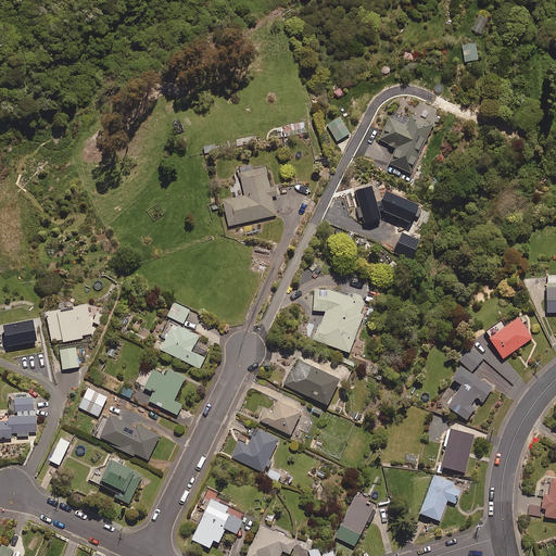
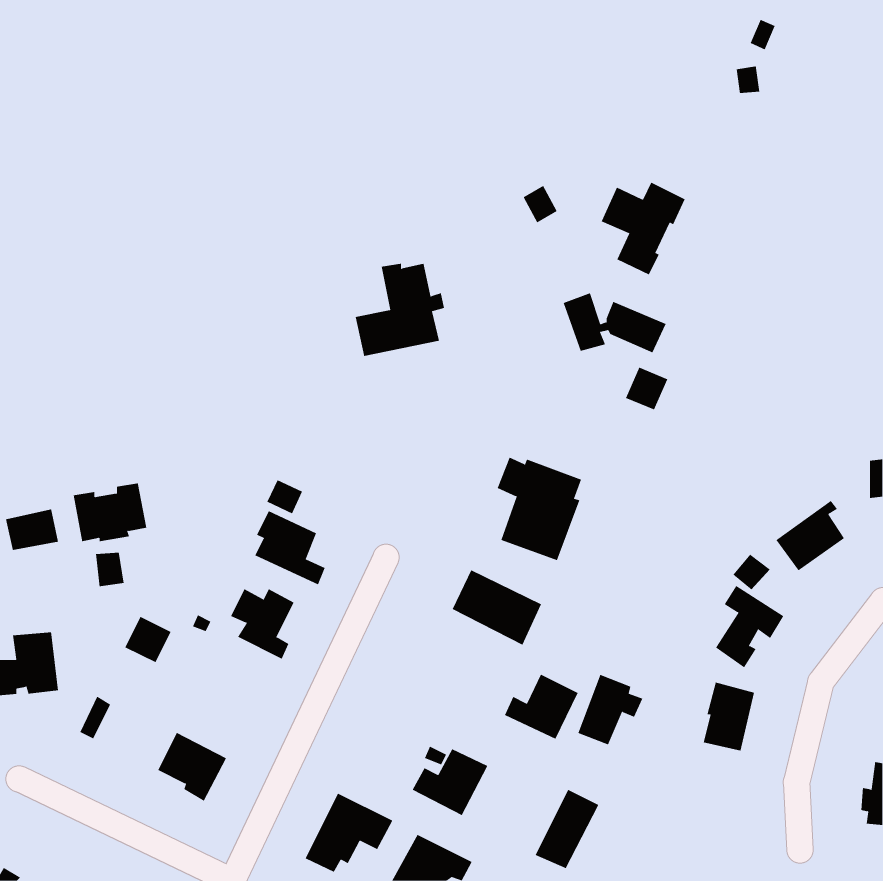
building: [258,393,305,434] -> [504,674,578,739]
building: [100,415,161,459] -> none
building: [231,429,279,471] -> [412,748,488,816]
building: [419,475,460,519] -> [577,674,643,745]

